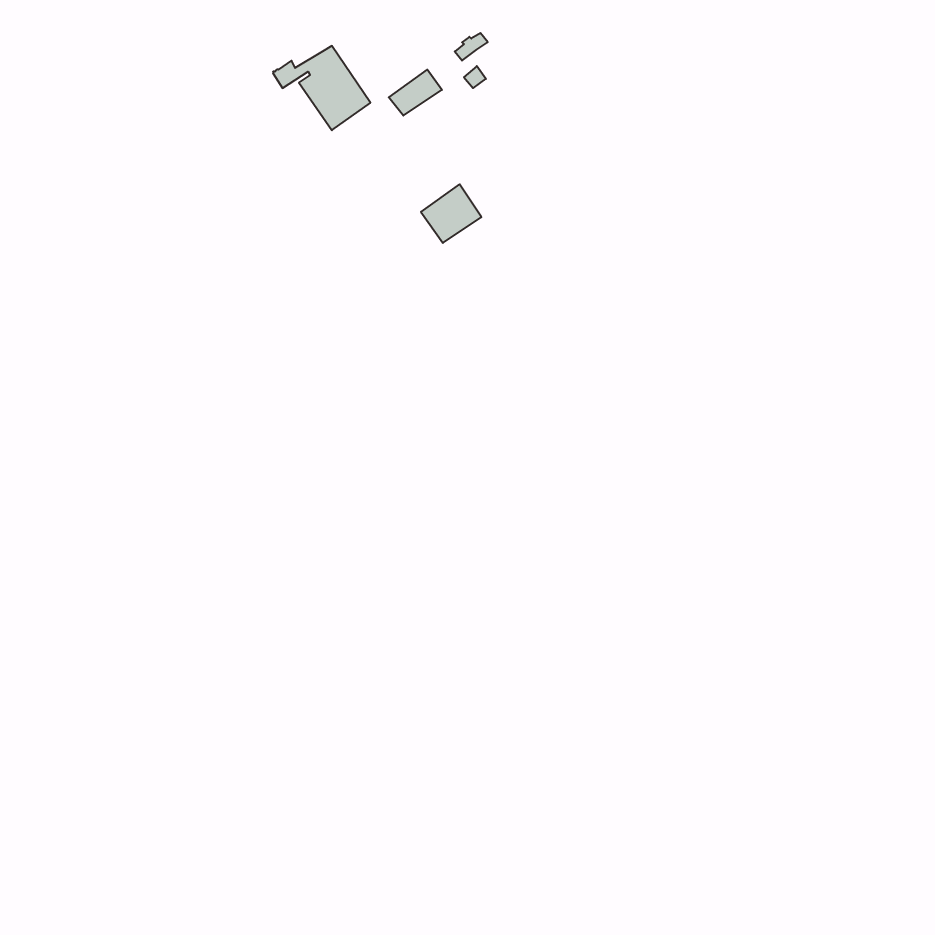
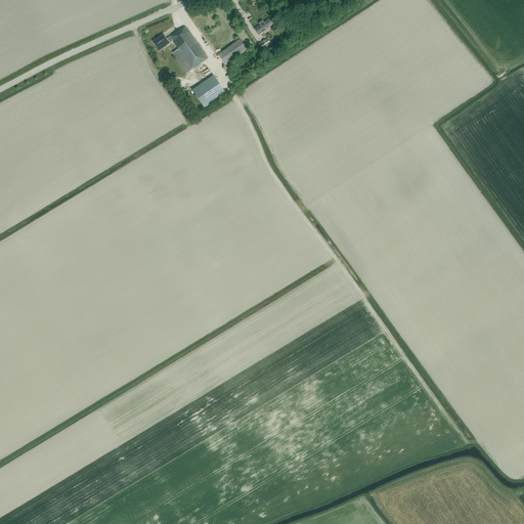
building: [421,184,481,243] -> [191,75,225,107]

